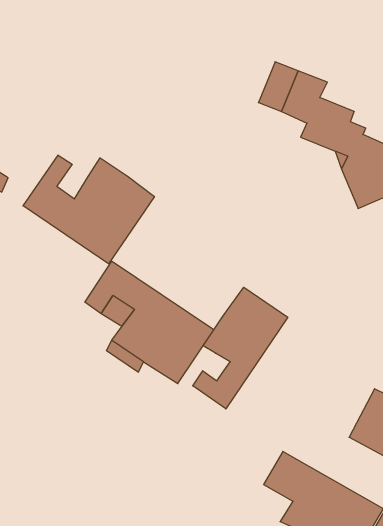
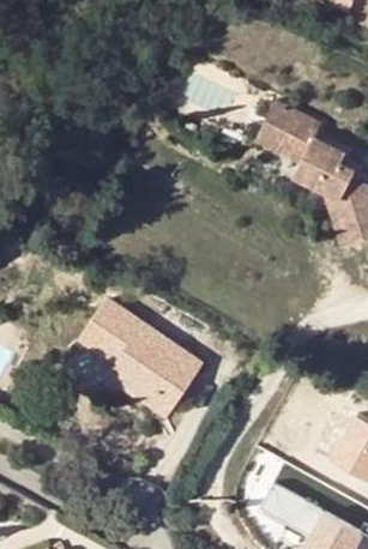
building: [23,155,154,264] -> none
building: [193,287,288,409] -> none

